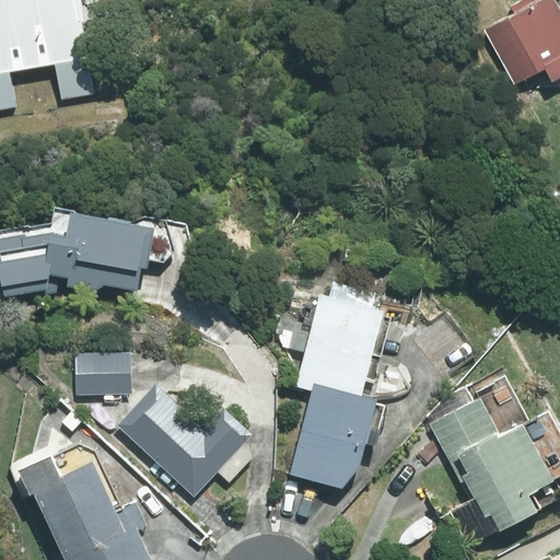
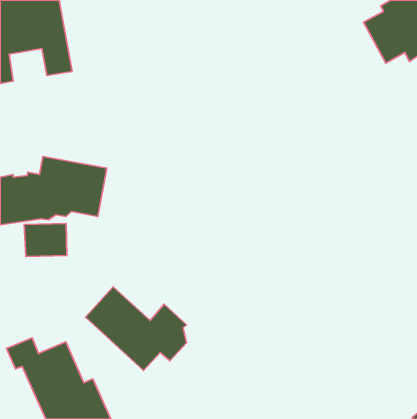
building: [292,296,377,482] -> none
building: [74,351,131,395] -> [24,224,67,256]
building: [430,398,545,529] -> none

